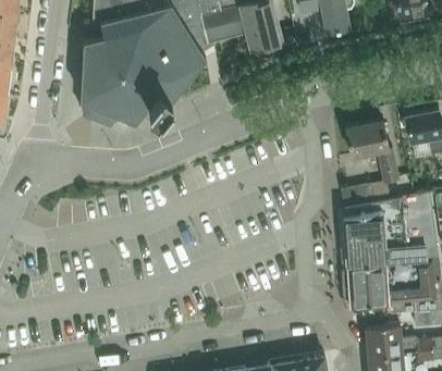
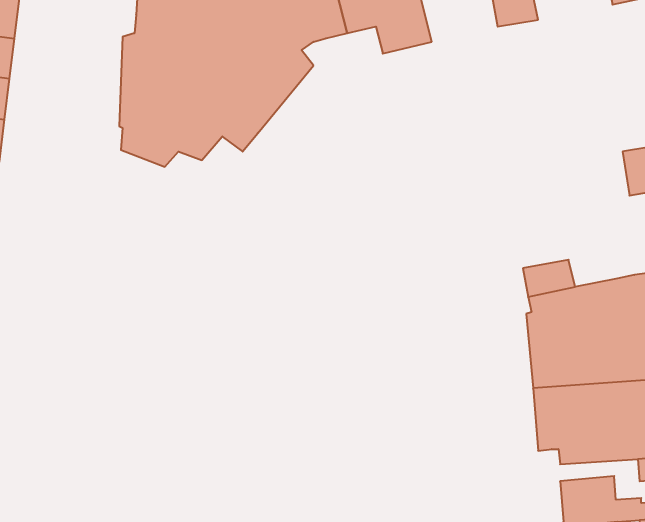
building: [346,121,400,183] -> none

